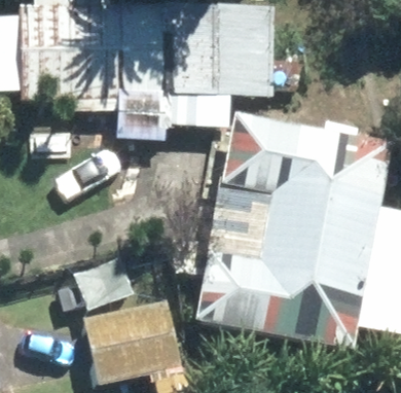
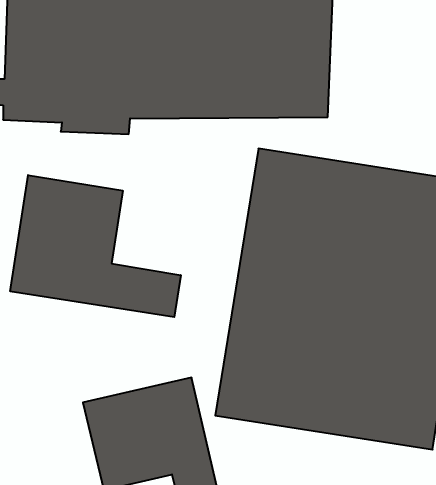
building: none -> [10,175,181,317]

